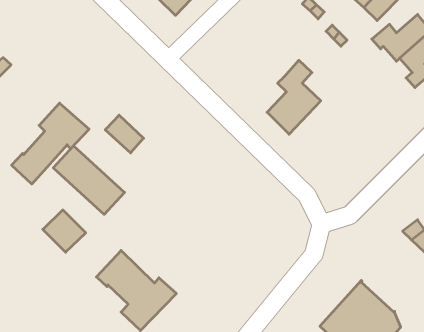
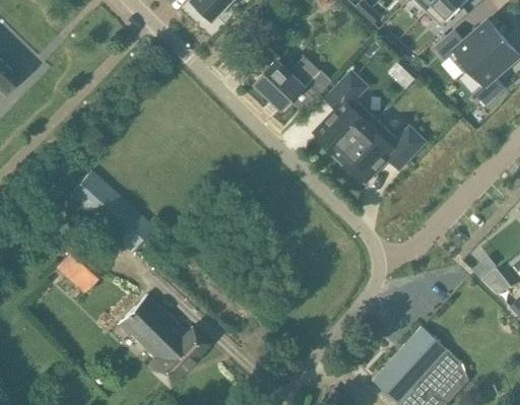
building: none -> [255,49,331,111]
building: none -> [339,119,424,182]
building: [12,103,89,184] -> none
building: [105,115,144,153] -> none

